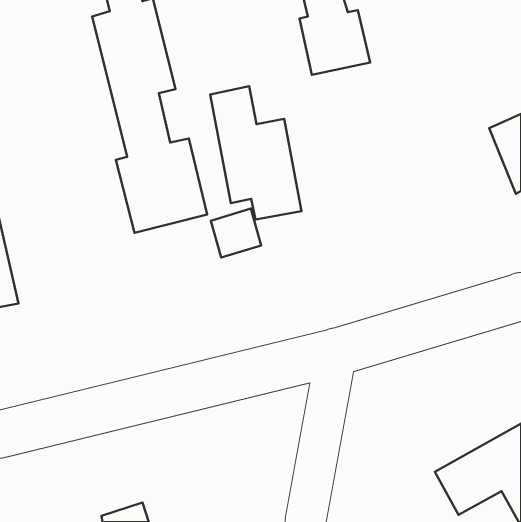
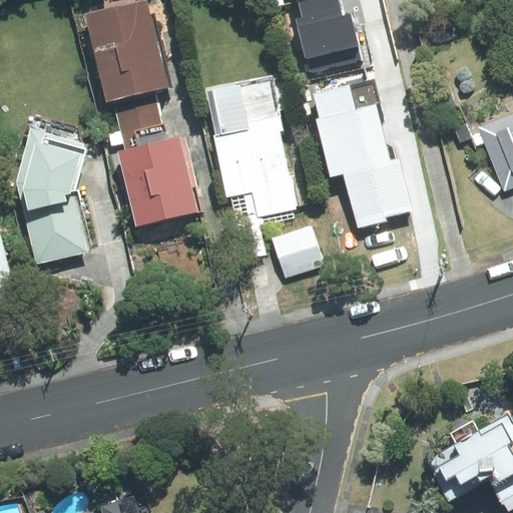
building: none -> [312,87,418,223]
building: none -> [18,128,89,262]
building: [211,208,261,258] -> [273,226,322,275]

